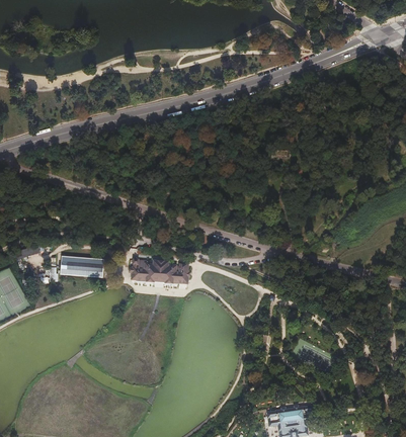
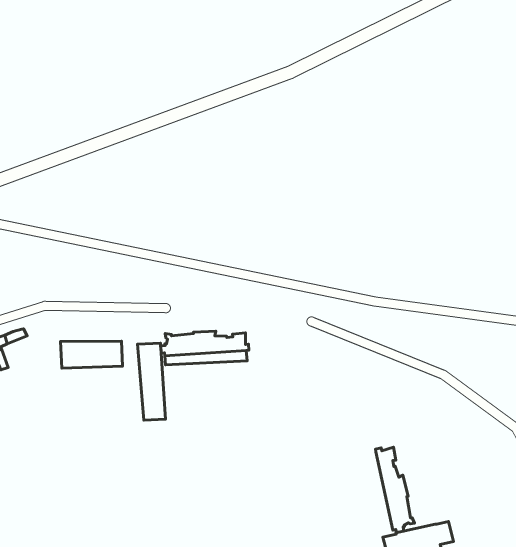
building: none -> [137,343,166,420]
building: none -> [375,447,415,532]

